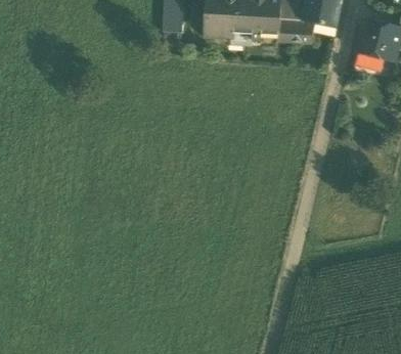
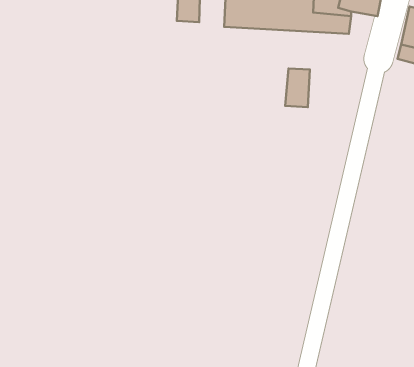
building: none -> [285,68,310,107]

